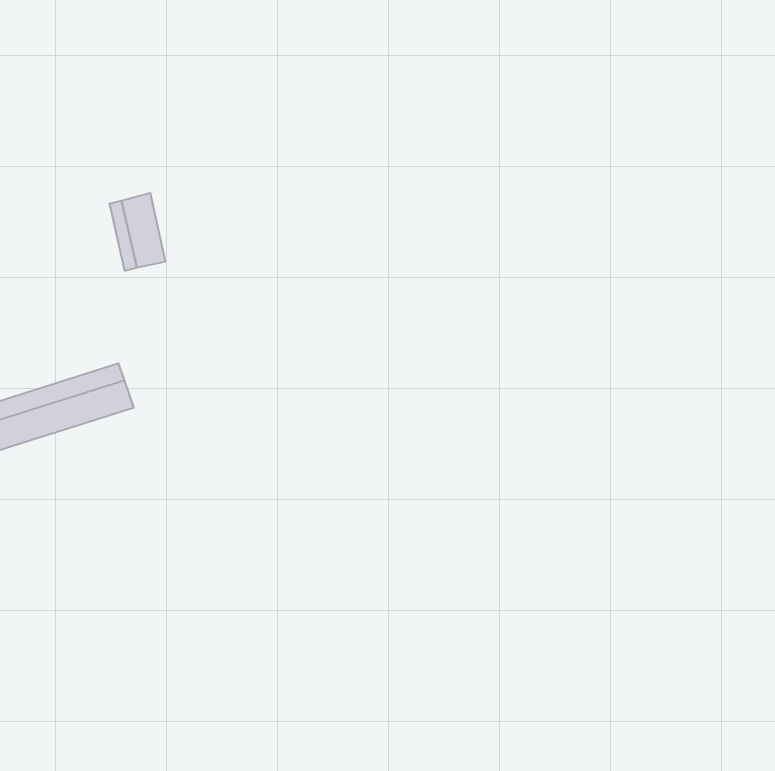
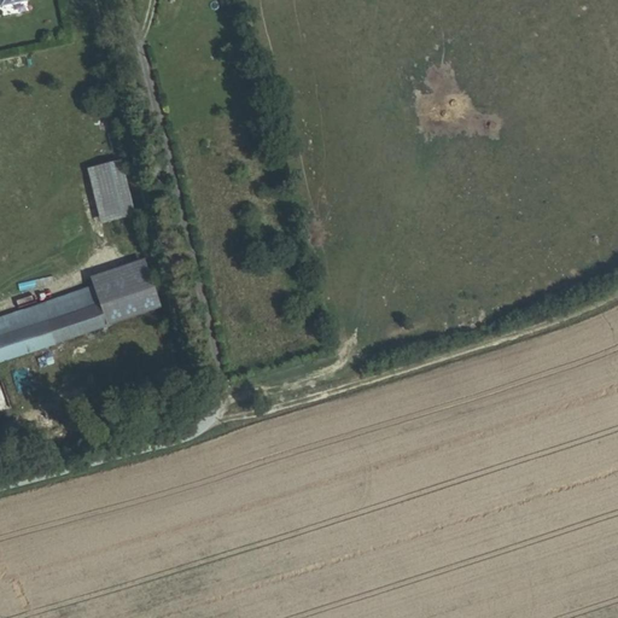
building: none -> [92,262,158,323]

